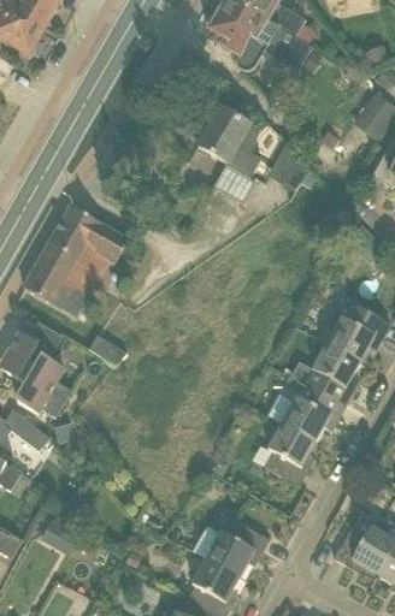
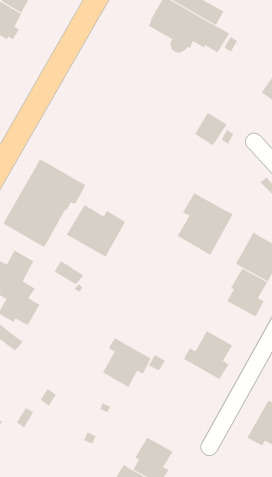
building: [198,107,261,201] -> none
building: none -> [177,193,234,255]
building: none -> [66,204,126,258]
building: [267,385,344,442] -> none
building: [206,513,269,576] -> [102,337,152,388]

